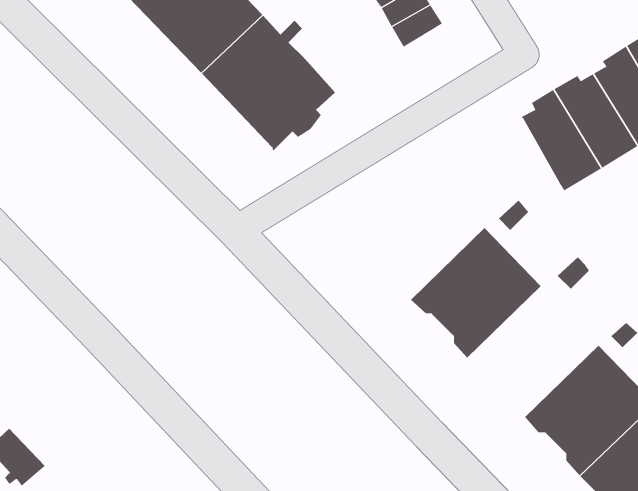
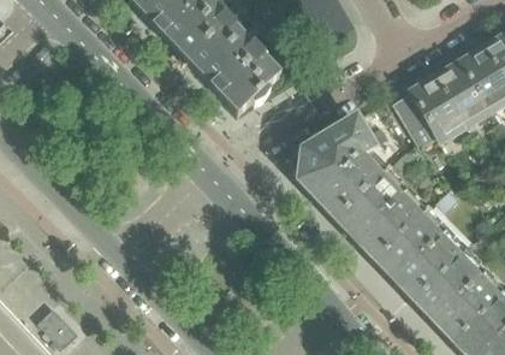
building: none -> [393,90,436,147]
building: none -> [290,117,384,217]
building: none -> [372,207,463,298]

